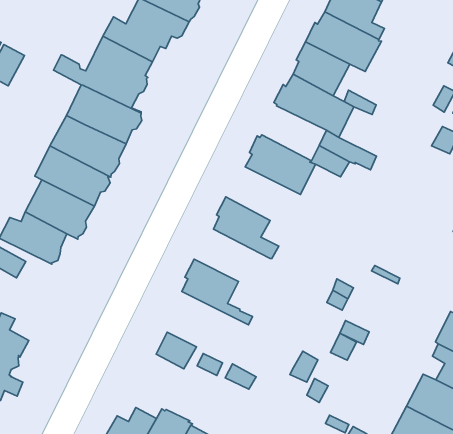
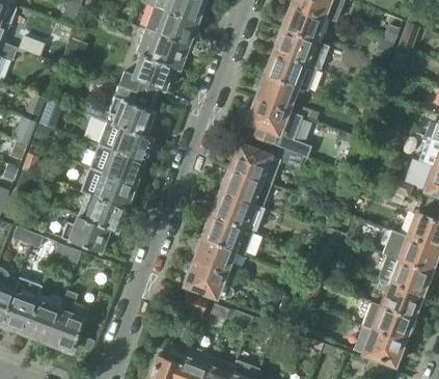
building: none -> [218,168,272,208]
building: none -> [200,215,254,254]
building: none -> [184,262,244,300]

